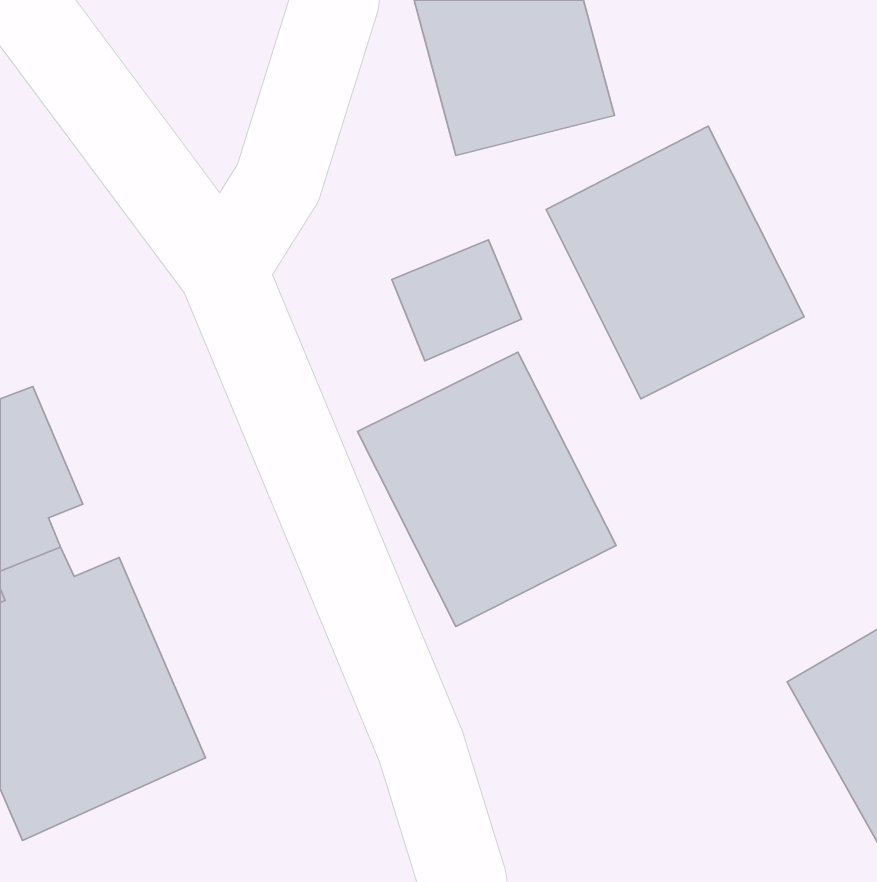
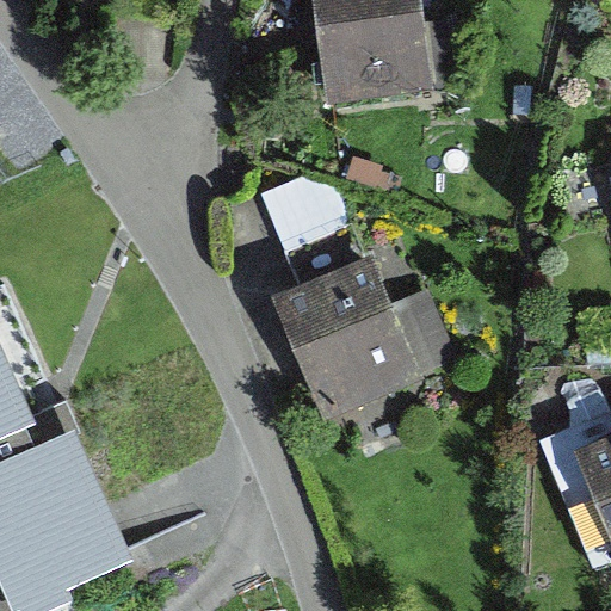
building: [546,126,804,399] -> none

